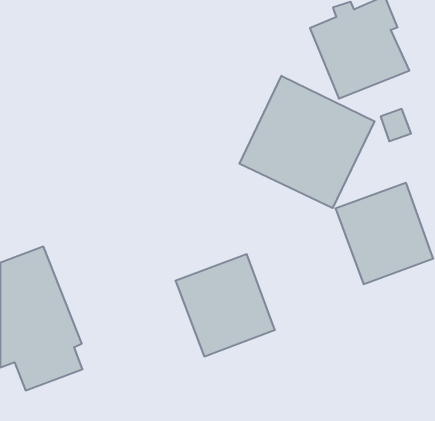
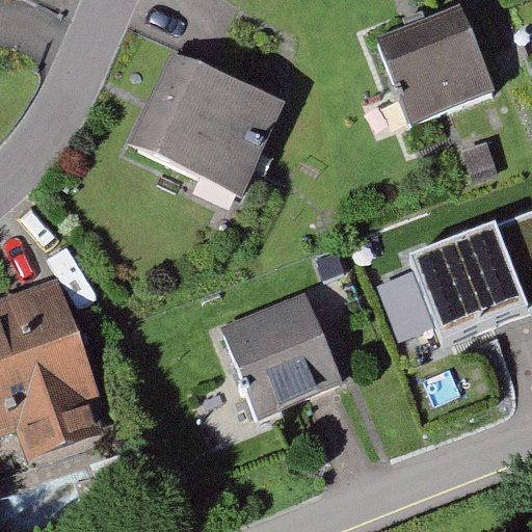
building: none -> [117,66,288,216]
building: [239,76,375,208] -> none

